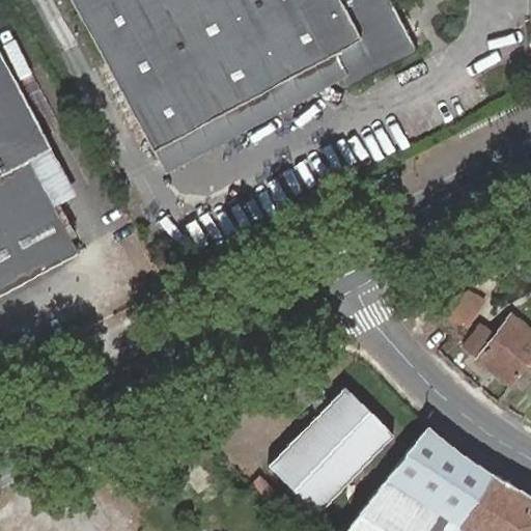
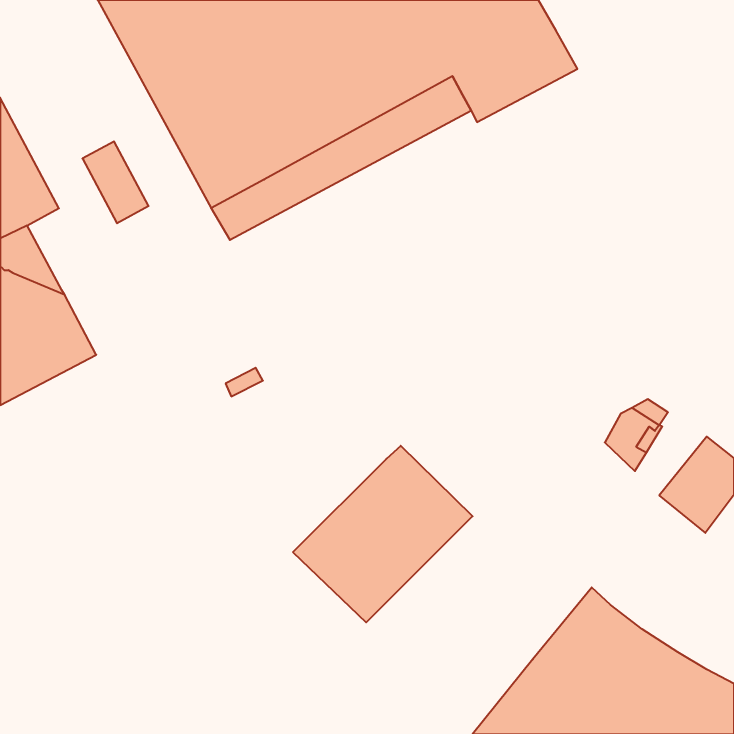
building: [20,150,67,209] -> [82,141,149,223]
building: [271,389,400,516] -> [293,446,473,622]

